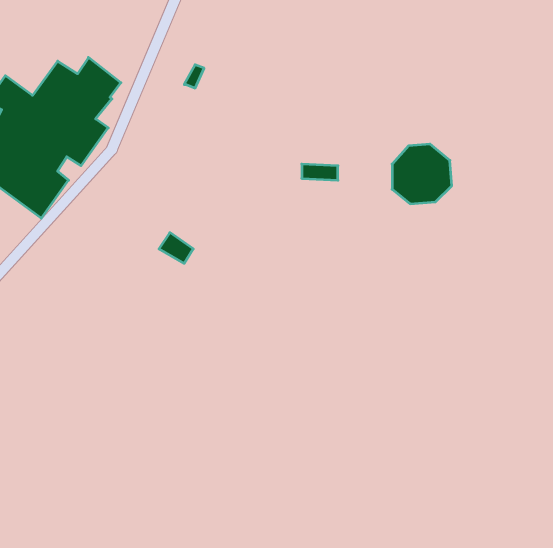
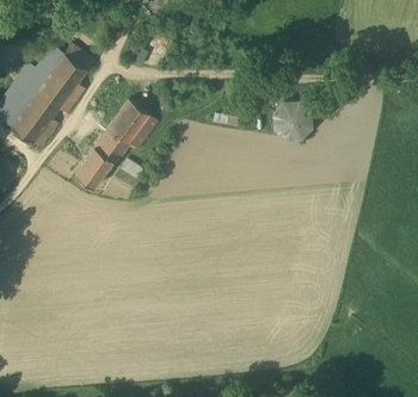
building: none -> [74,100,158,188]

